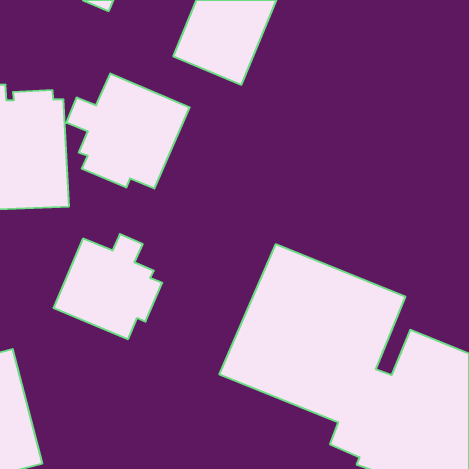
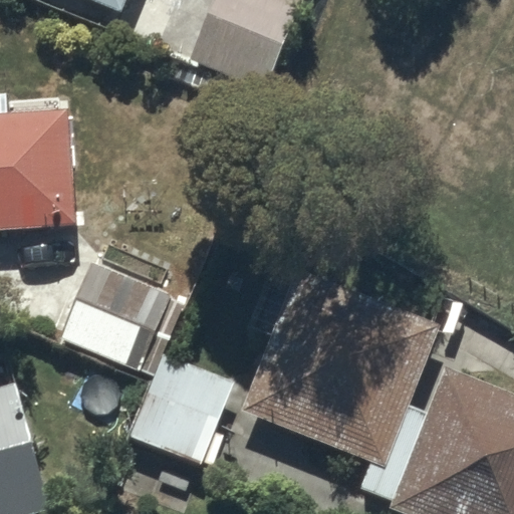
building: [66,73,190,189] -> none
building: none -> [126,338,242,466]

